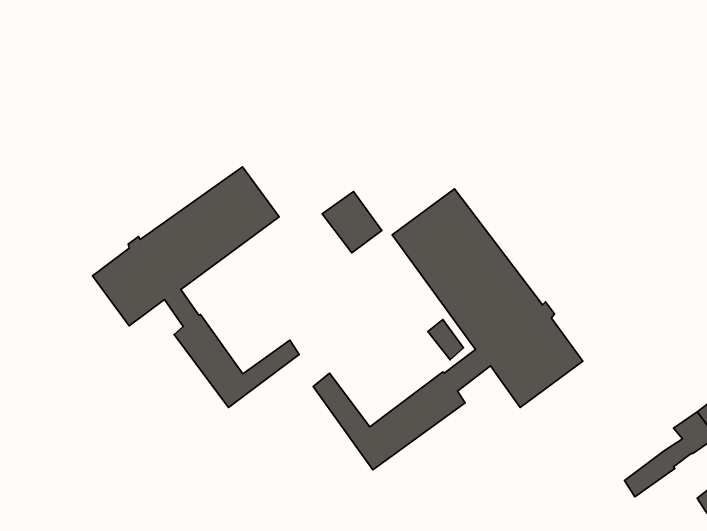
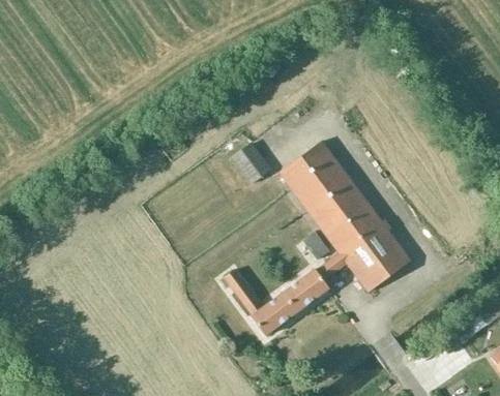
building: [92,167,299,408] -> none

